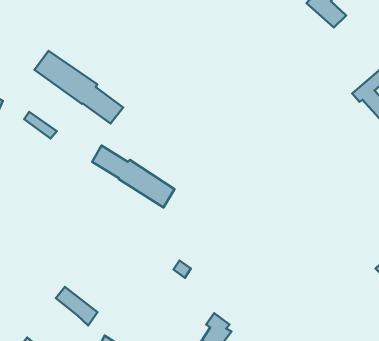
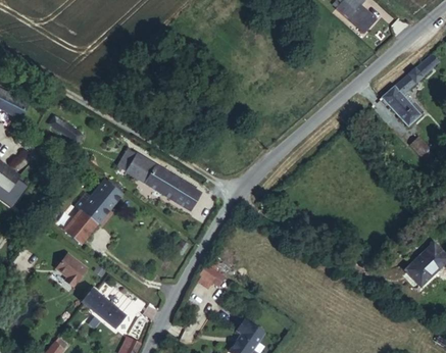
building: [34,51,123,124] -> none
building: none -> [55,180,121,244]
building: none -> [58,254,90,288]

